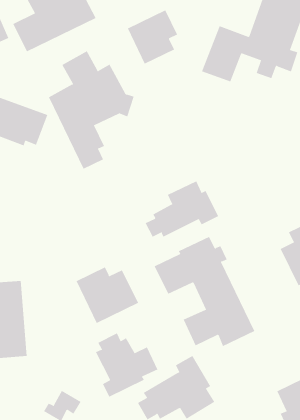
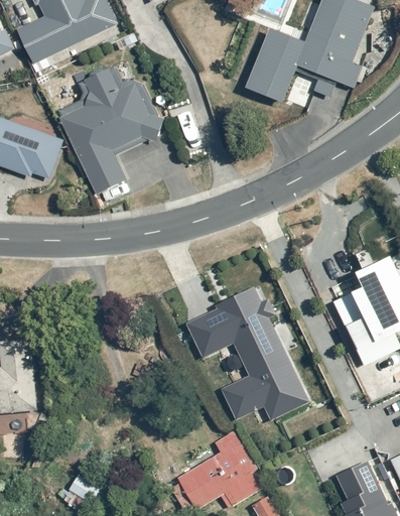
building: [127,10,178,65] -> none
building: [145,180,219,238] -> none
building: [76,266,139,324] -> none
building: [95,333,158,397] -> none

